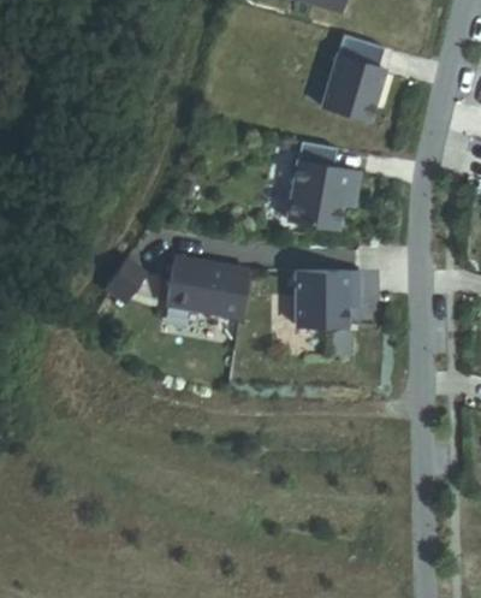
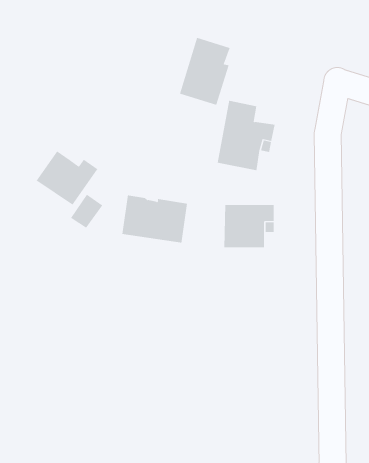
building: [321,34,385,119] -> [179,37,230,106]
building: none -> [36,151,98,205]

